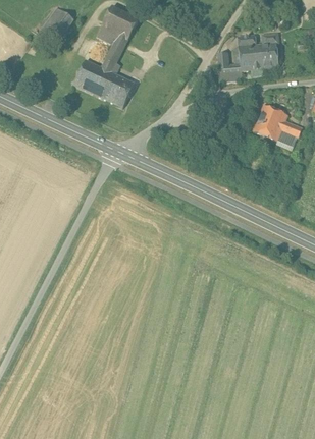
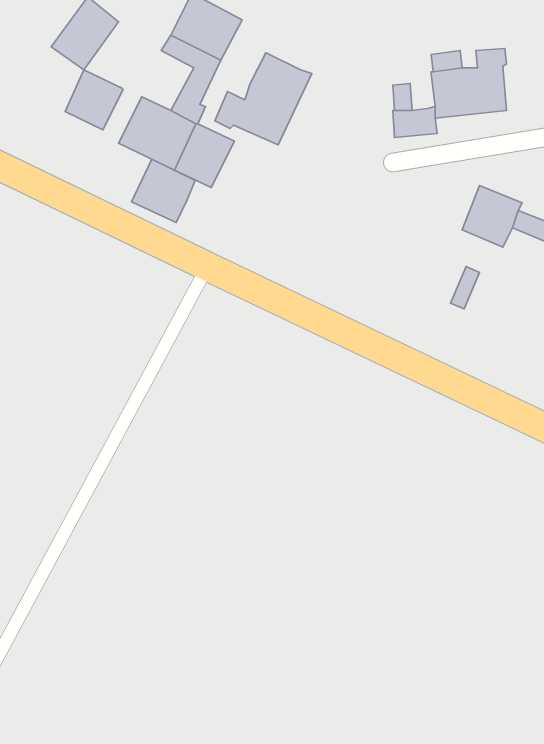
building: none -> [215,53,312,145]
building: none -> [65,70,123,130]
building: none -> [132,159,195,222]

